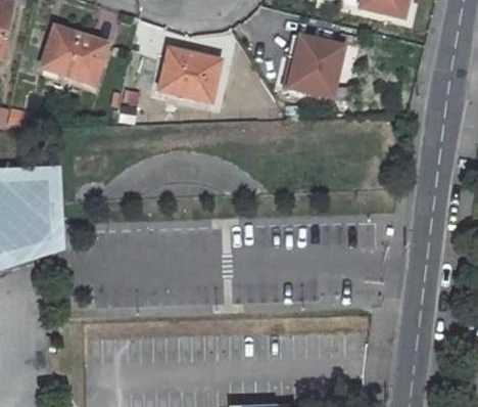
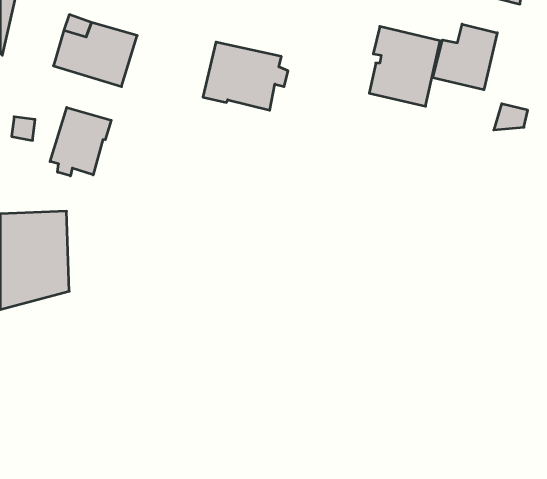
building: none -> [433,24,497,90]
building: none -> [50,107,111,176]

